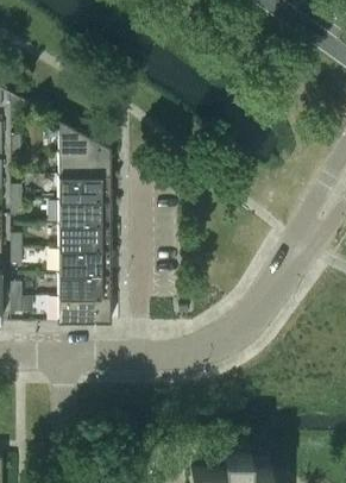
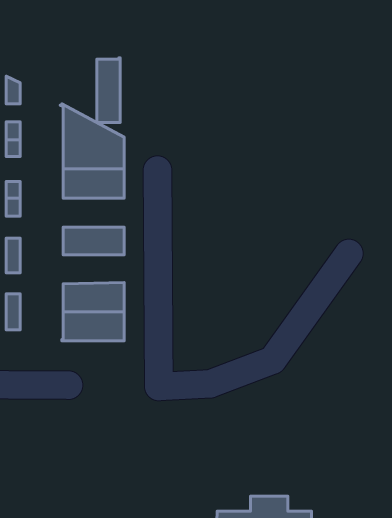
building: none -> [97,58,120,123]
building: [58,201,111,226] -> none
building: [58,250,111,275] -> none

